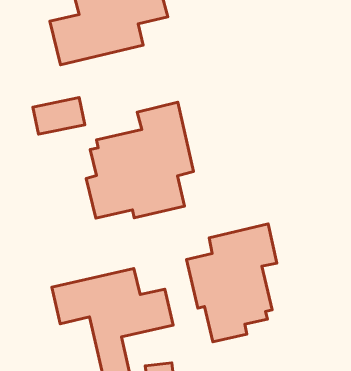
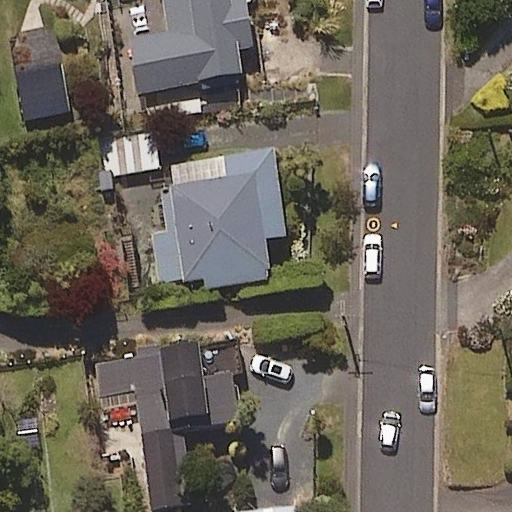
building: [187,224,277,342] -> none

